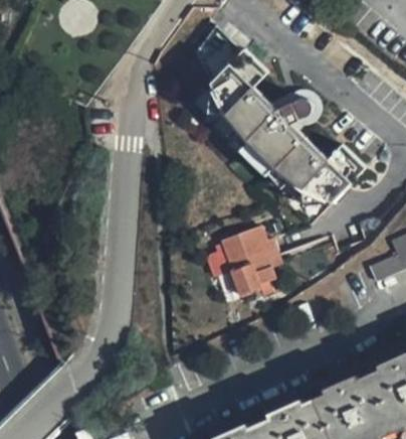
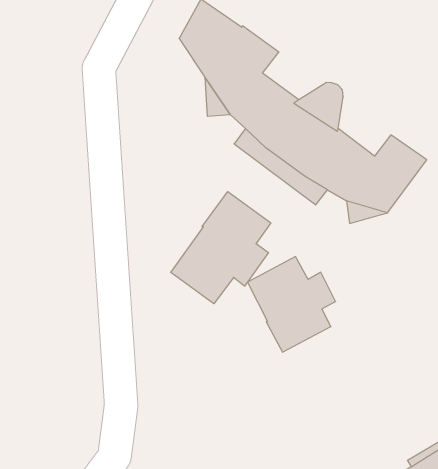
building: none -> [171,192,271,304]

